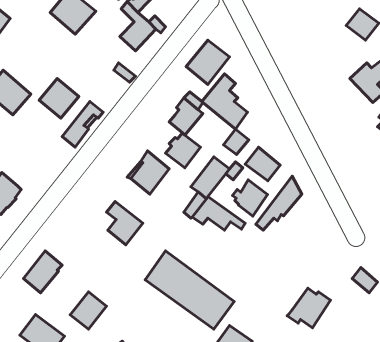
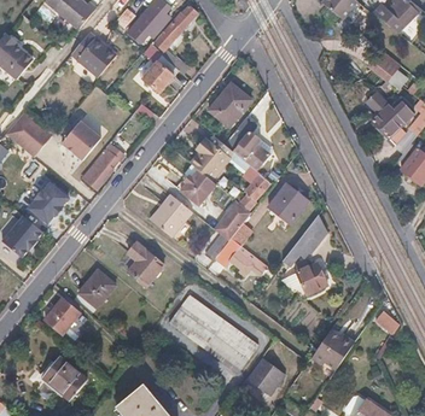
building: none -> [29,181,68,222]
building: [232,180,267,216] -> [292,269,327,305]
building: [70,292,106,329] -> [78,269,115,306]

